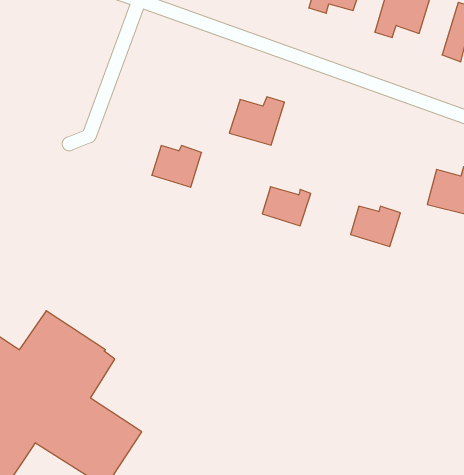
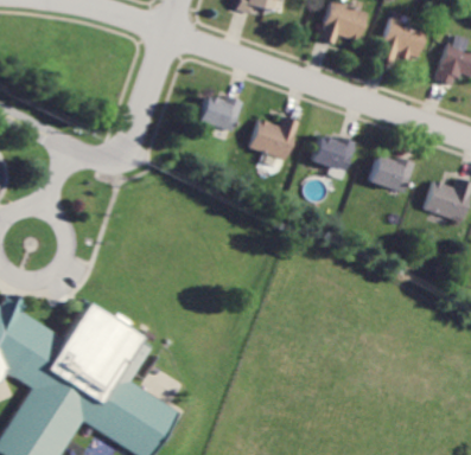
building: [152,146,202,187] -> [199,95,243,132]
building: [262,187,311,226] -> [313,136,356,171]
building: [351,206,400,247] -> [371,156,415,192]

